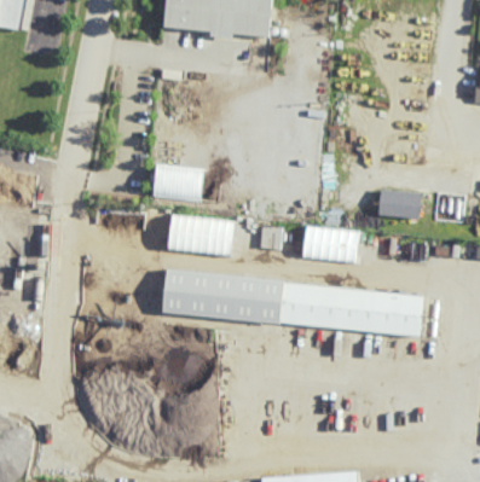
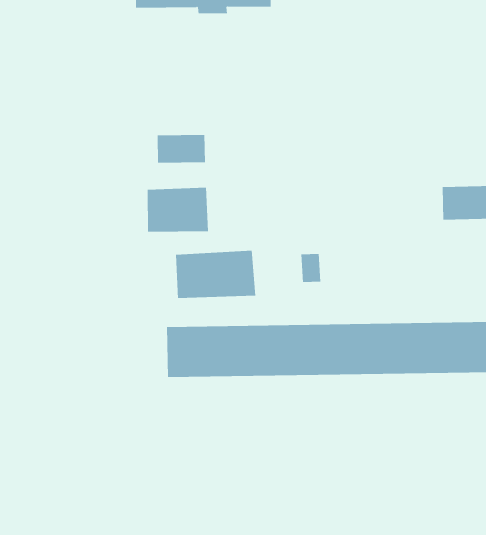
building: none -> [157,134,205,164]
building: [303,227,358,261] -> none

